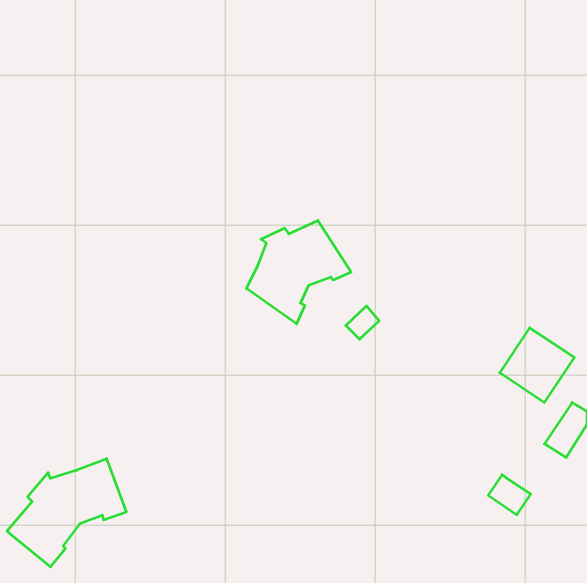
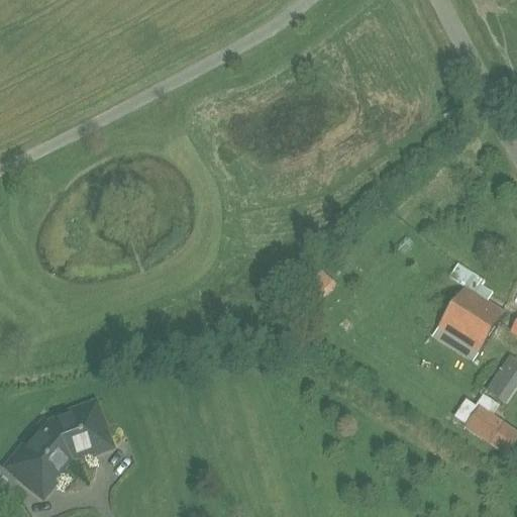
building: [246,220,351,324] -> none
building: [488,475,531,515] -> [466,406,503,441]

